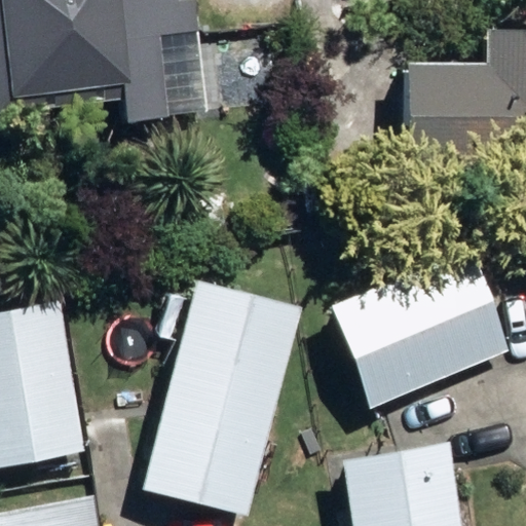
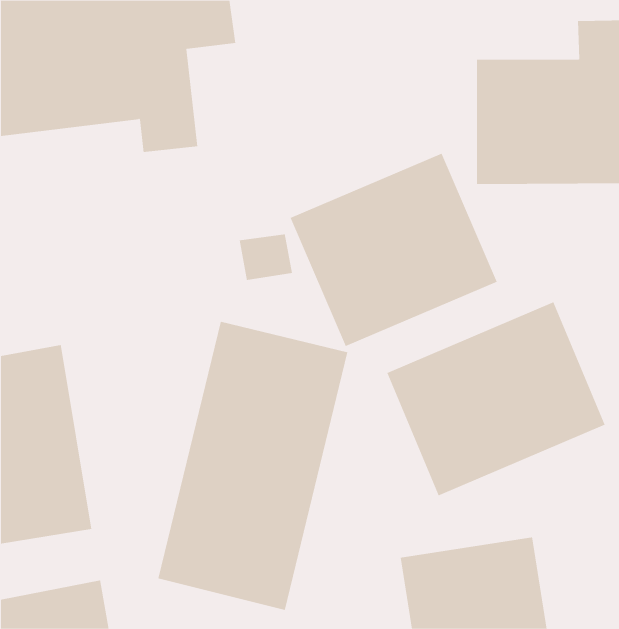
building: none -> [290,153,498,347]

